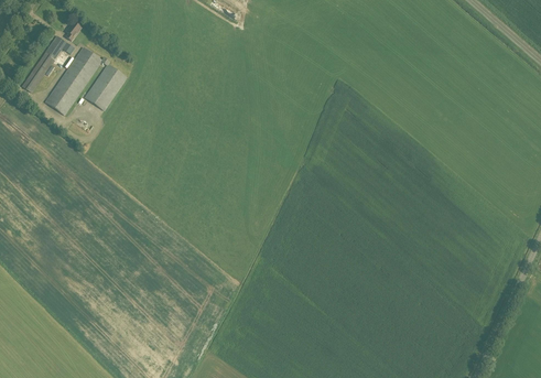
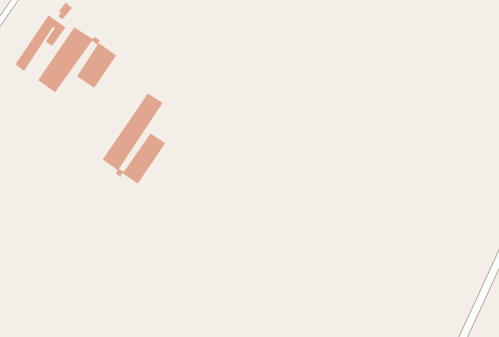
building: none -> [102,92,166,184]

